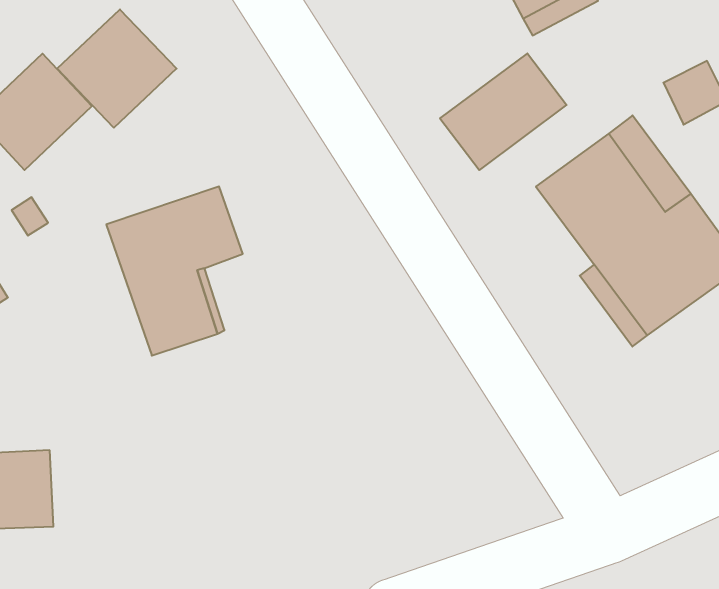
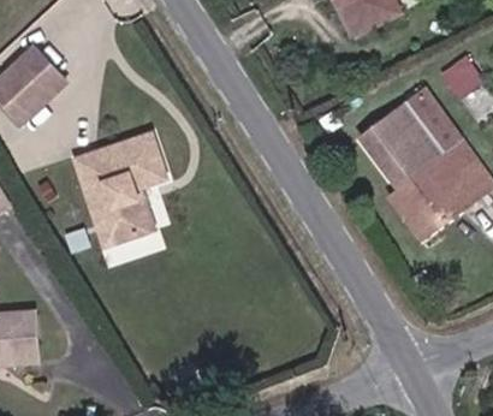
building: [57,9,177,128] -> none
building: [440,53,567,170] -> none

